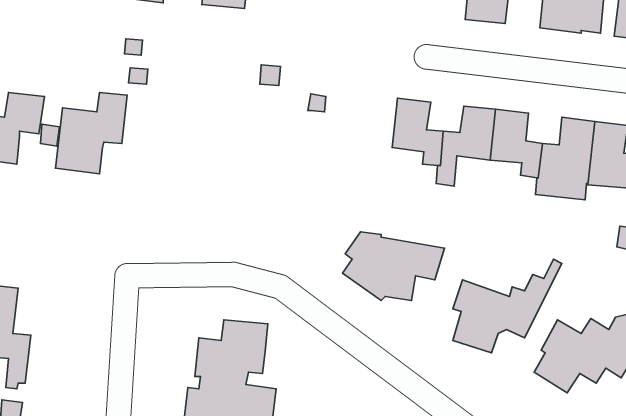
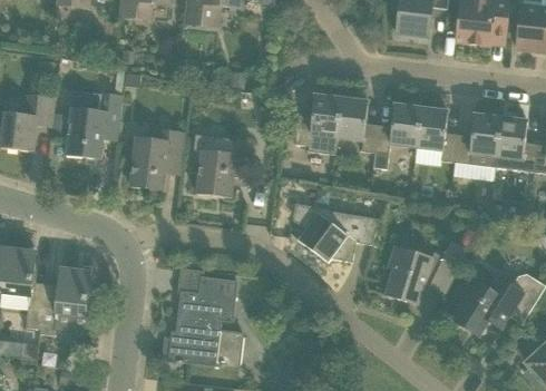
building: none -> [294,94,341,154]
building: none -> [129,127,185,188]
building: none -> [193,133,253,196]
building: none -> [39,266,89,334]

